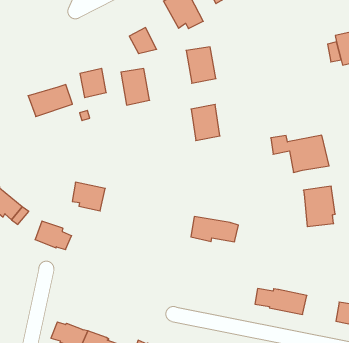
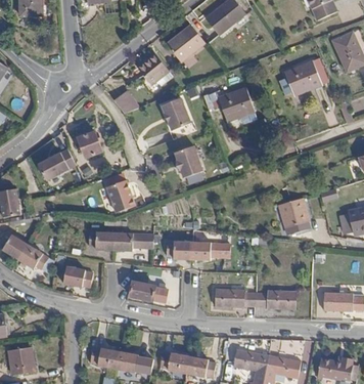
building: [121,69,150,105] -> [107,180,135,213]
building: [271,135,329,172] -> [203,87,256,122]
building: none -> [113,230,153,250]
building: none -> [167,241,192,259]
building: none -> [130,282,168,302]
building: none -> [216,289,255,307]

